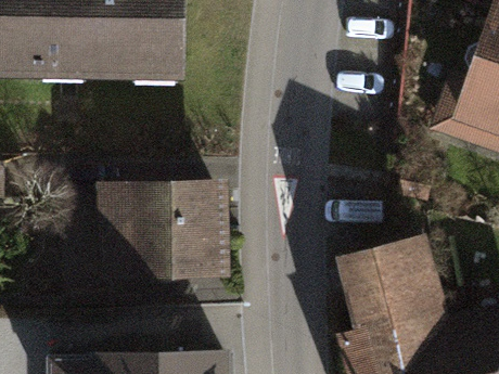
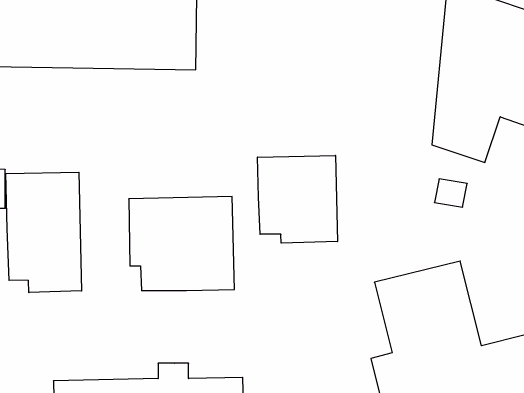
building: none -> [258,155,337,243]
building: none -> [6,172,82,293]

